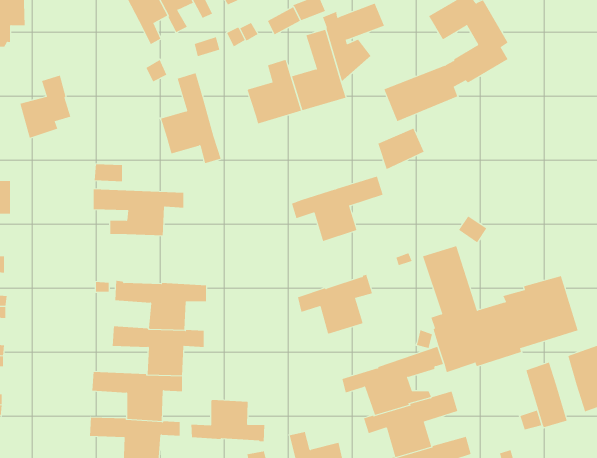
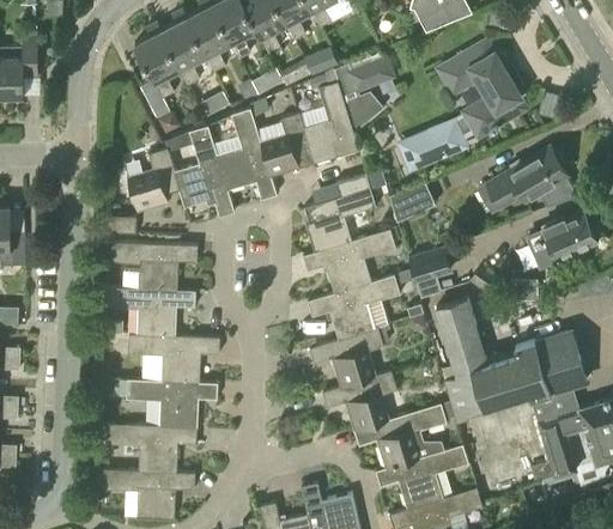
building: none -> [217,108,275,200]
building: [20,75,71,138] -> [127,148,178,212]
building: none -> [477,145,577,215]
building: none -> [304,174,374,253]
building: none -> [528,212,597,267]
building: none -> [409,248,453,298]
building: none -> [306,274,400,341]
building: none -> [103,286,195,336]
building: none -> [322,370,396,431]
building: [191,399,265,442] -> none

